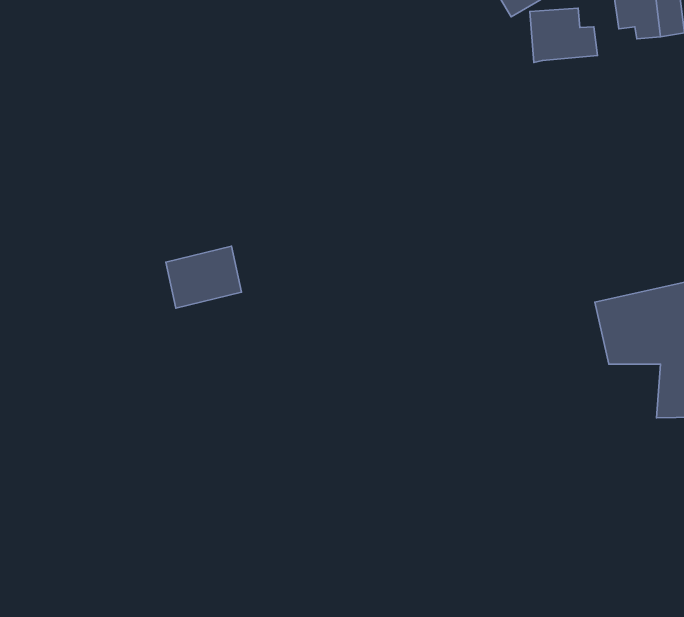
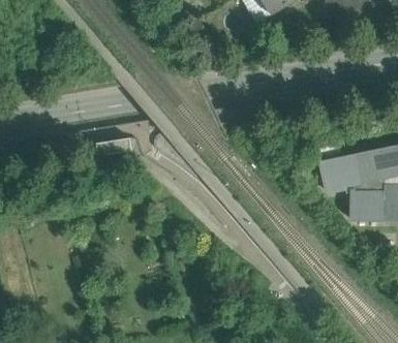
building: [530,8,597,62] -> none

